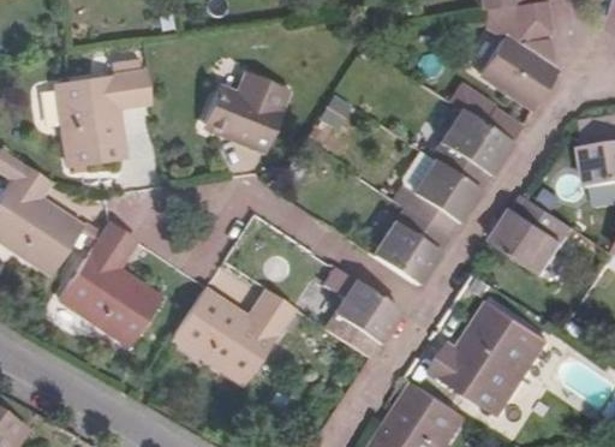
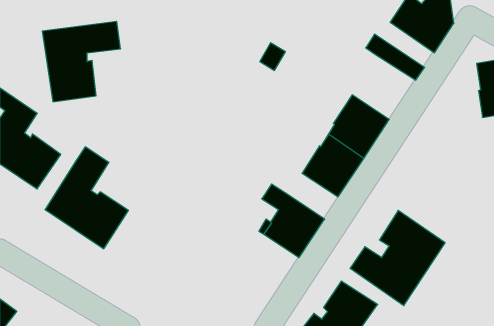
building: [205,70,293,148] -> none
building: [434,111,512,190] -> none
building: [496,197,574,278] -> none
building: [171,292,294,386] -> none

